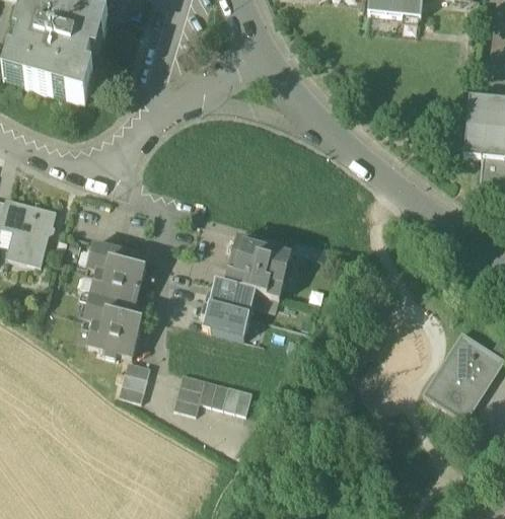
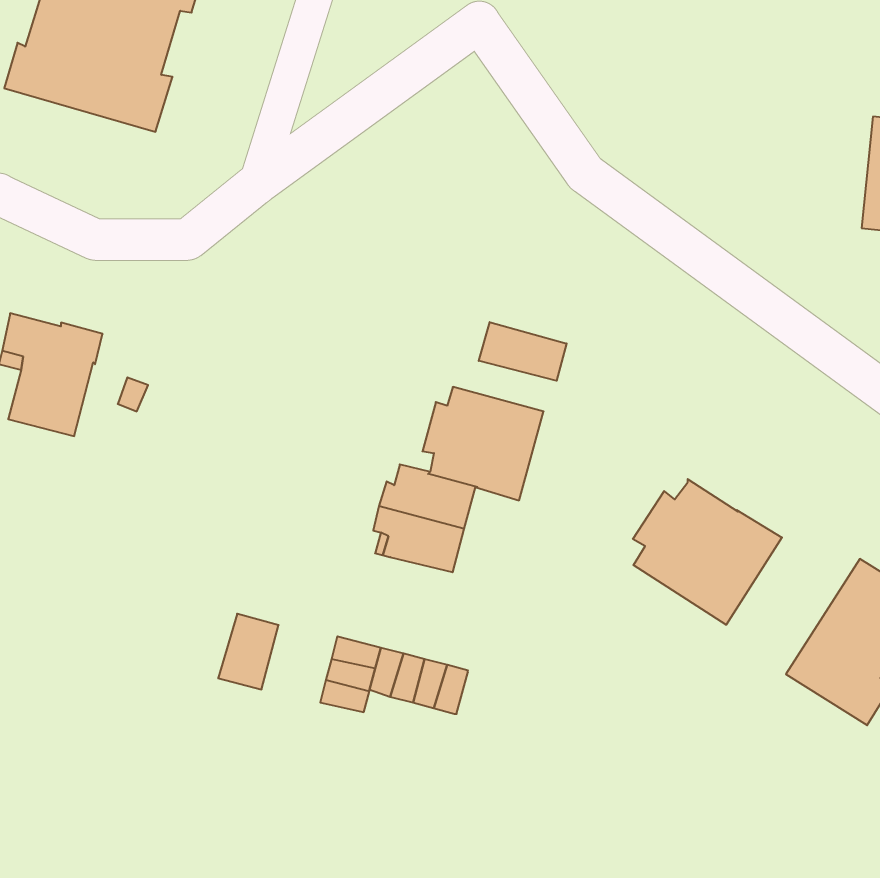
building: none -> [479,322,567,381]
building: [82,242,145,358] -> none
building: none -> [633,479,782,625]

